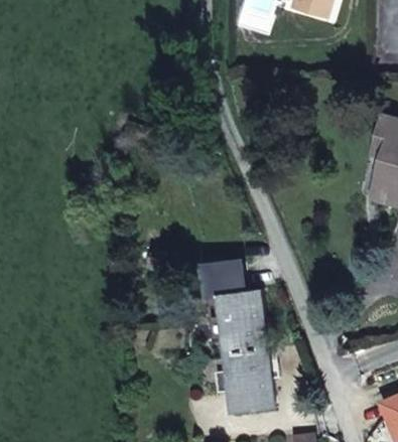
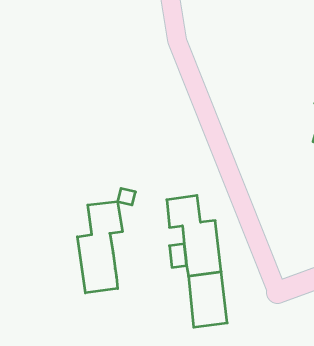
building: none -> [77,201,122,293]

